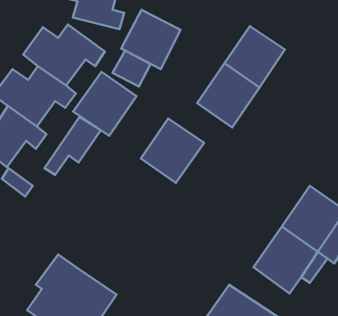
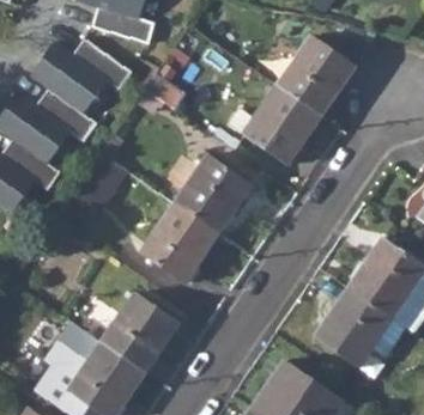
building: [121,10,181,69] -> none
building: [73,72,136,136] -> [141,203,219,282]
building: none -> [102,292,180,371]

